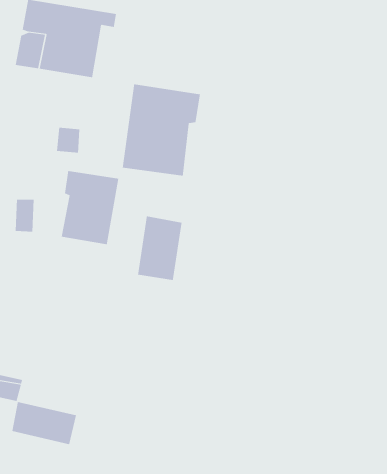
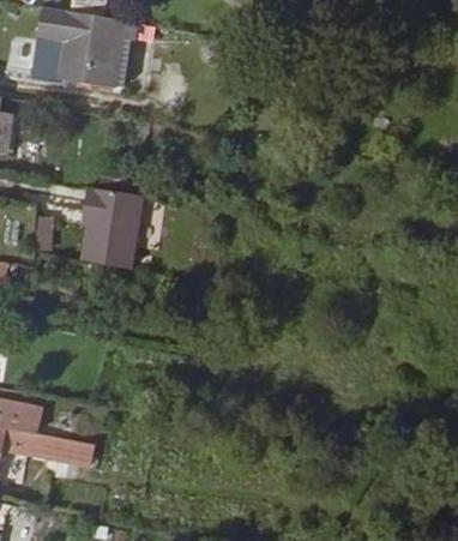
building: [122,84,200,177] -> none
building: [137,216,182,281] -> none

